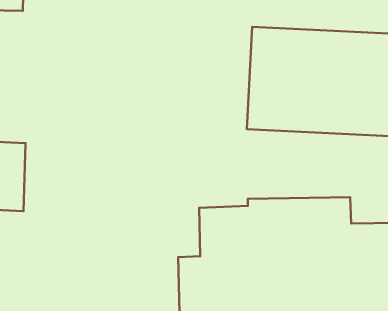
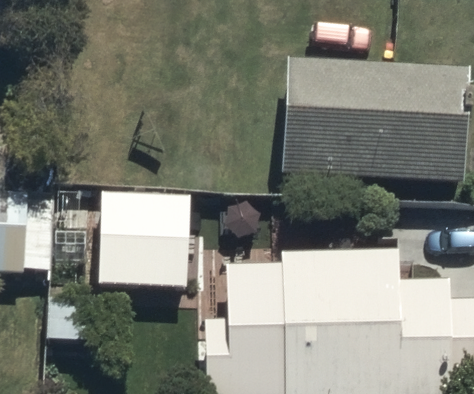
building: none -> [100,193,189,288]

